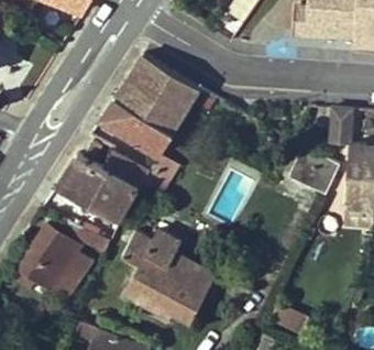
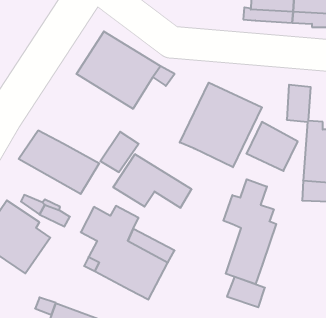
building: [95,98,174,152] -> [113,154,192,208]
building: none -> [180,83,262,167]
building: none -> [223,179,276,284]

